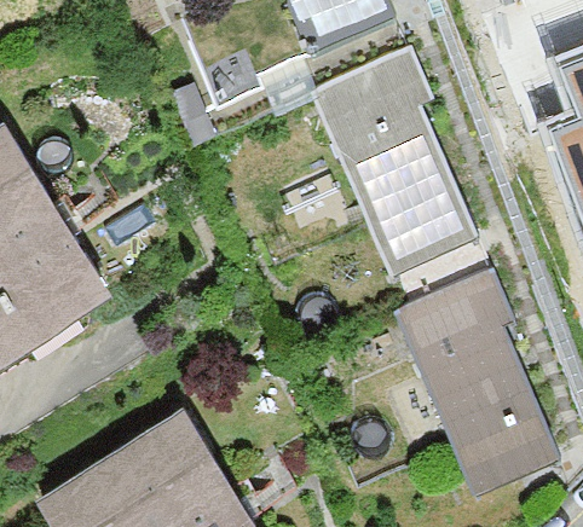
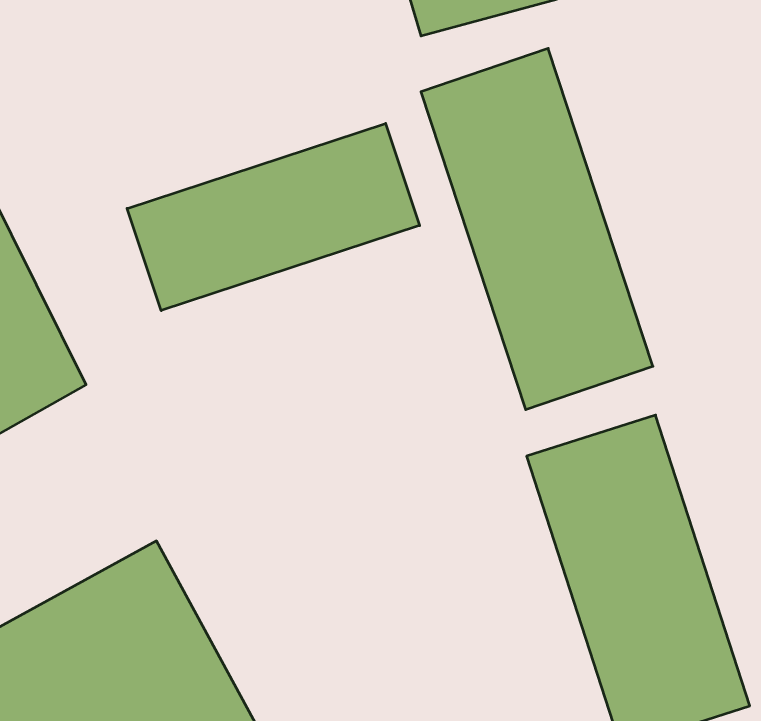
building: none -> [127,123,420,311]

